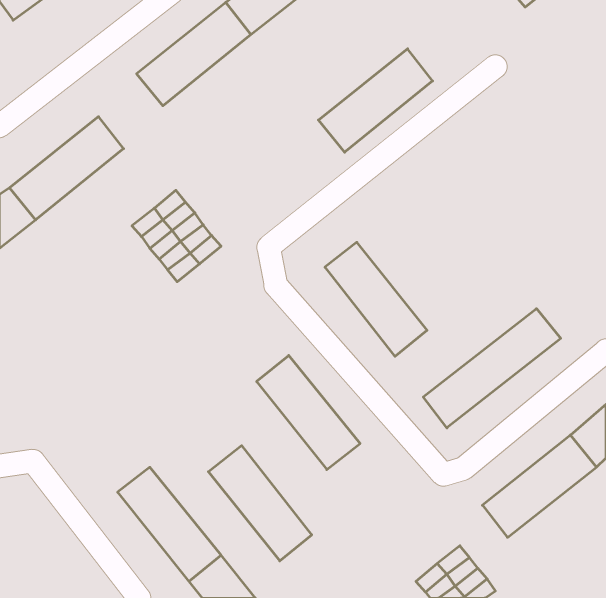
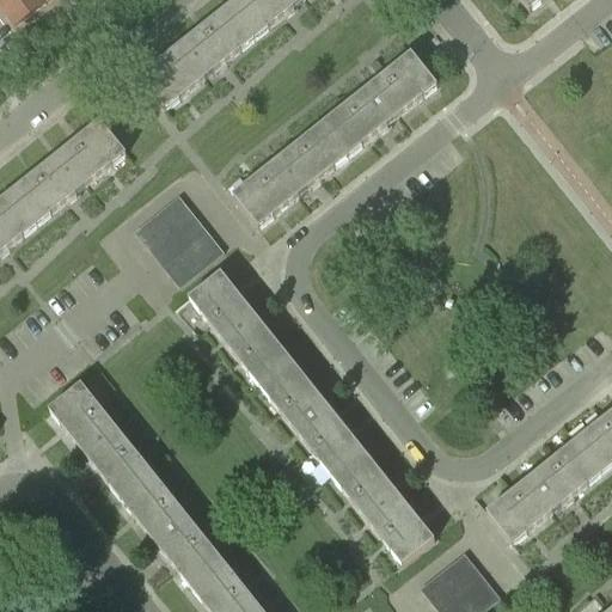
building: none -> [232,121,347,224]
building: [325,242,427,356] -> [188,269,290,384]
building: [423,309,561,428] -> none
building: none -> [48,380,151,495]
building: [208,446,312,561] -> [329,446,433,562]

